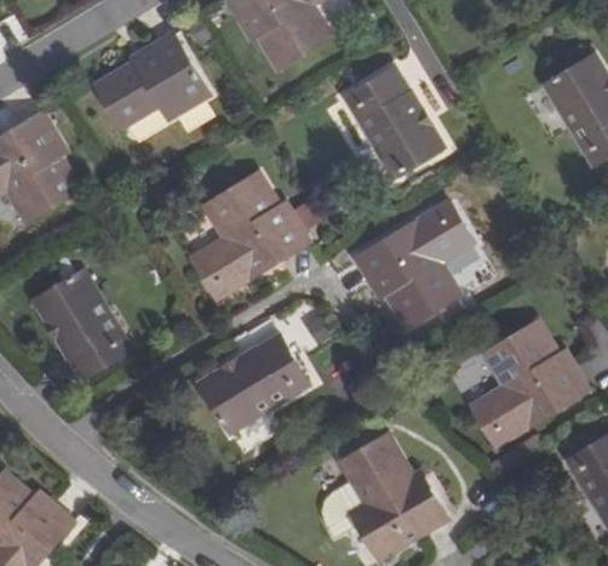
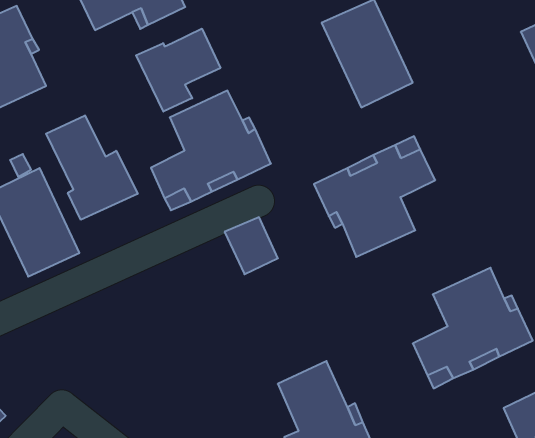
building: none -> [136,29,220,112]
building: none -> [46,115,138,220]
building: [200,336,309,433] -> none

